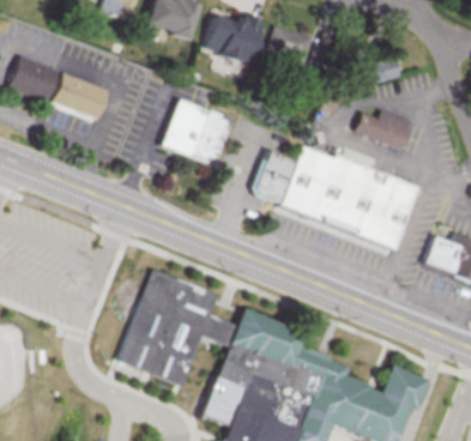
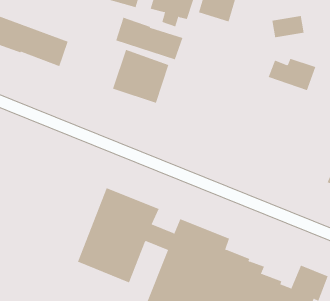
building: none -> [116,17,183,60]
building: [253,140,422,253] -> none

